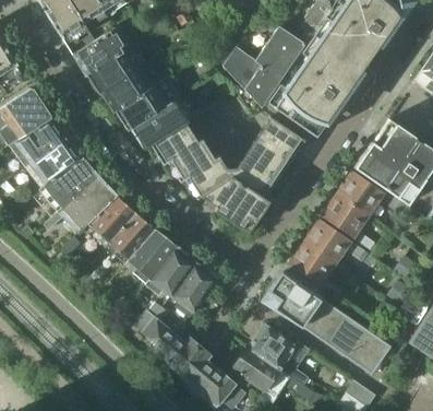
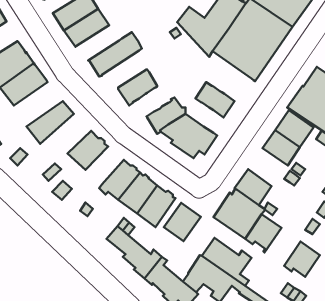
building: [101,69,153,114] -> none
building: [132,99,185,149] -> none
building: [257,117,305,161] -> none
building: [26,138,85,191] -> none
building: [169,139,216,183] -> none
building: [232,157,278,199] -> none
building: [58,176,117,234] -> none
building: [112,215,158,261] -> none
building: [308,221,351,263] -> none
building: none -> [164,203,201,241]
building: [327,314,371,360] -> none

